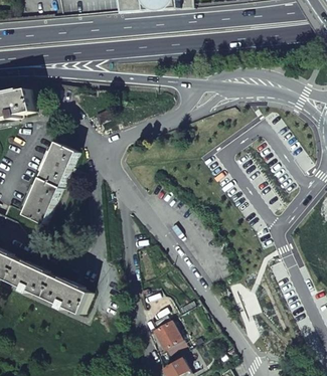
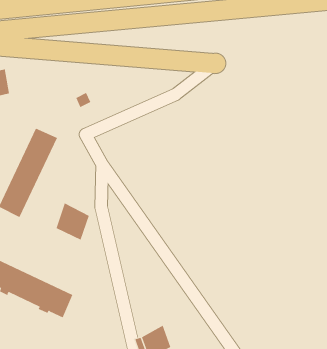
building: none -> [56,202,90,240]

